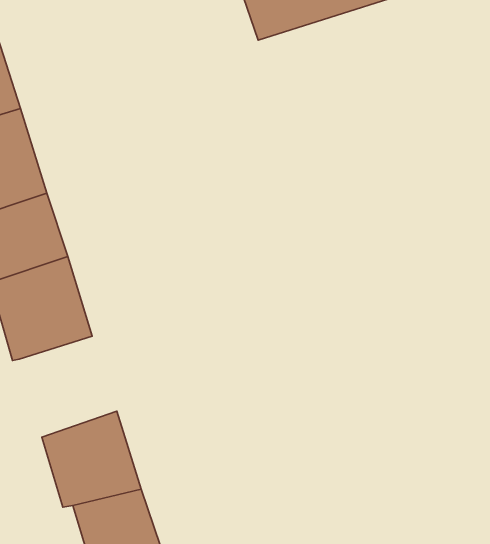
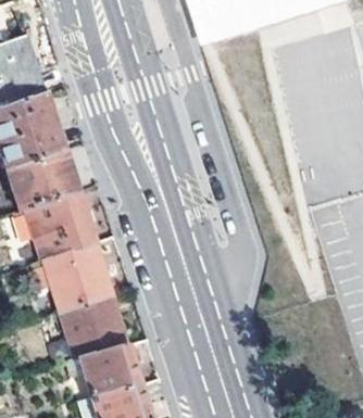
building: none -> [46,244,111,312]

